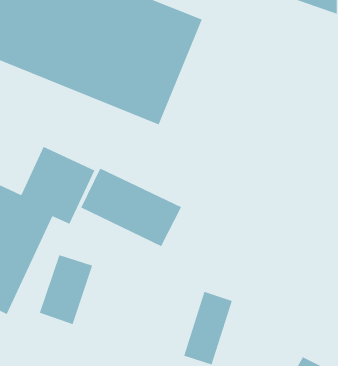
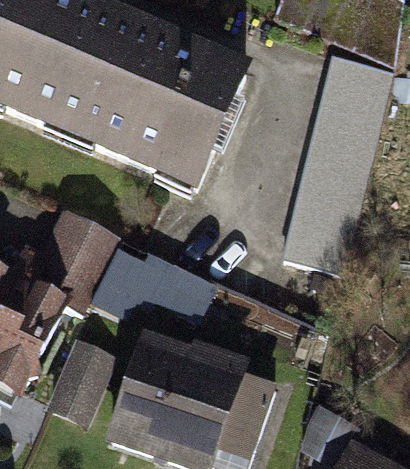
building: none -> [285,57,391,272]
building: none -> [113,339,237,462]

